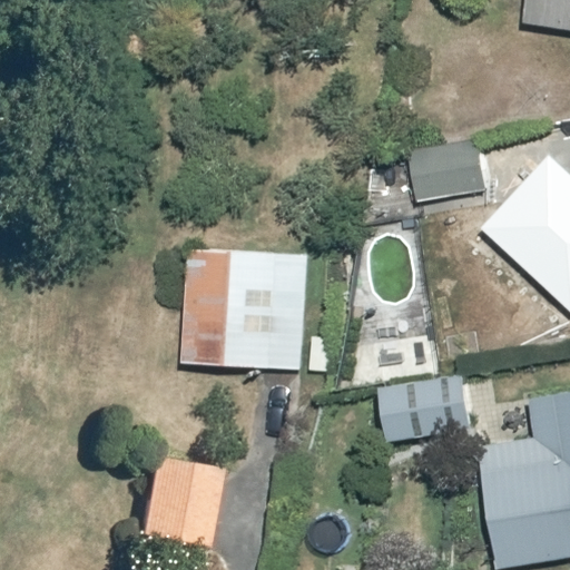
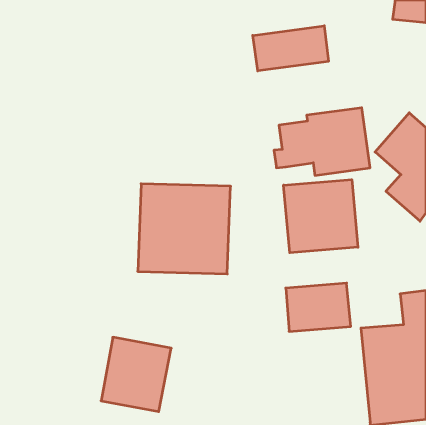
building: none -> [253,26,328,71]
building: none -> [284,180,358,253]

